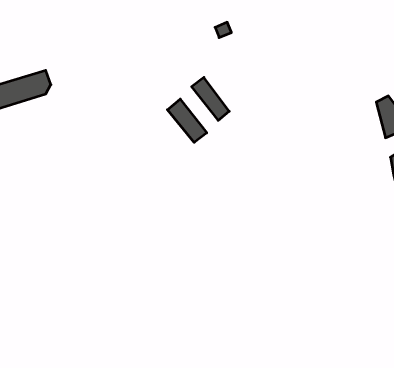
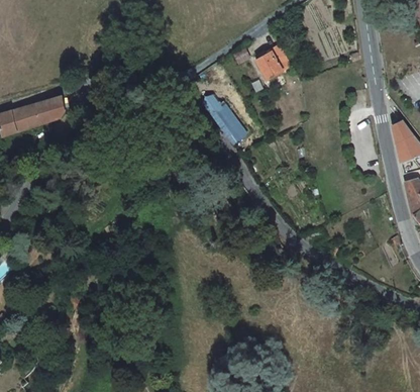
building: none -> [254,45,290,80]
building: [167,99,207,142] -> none

